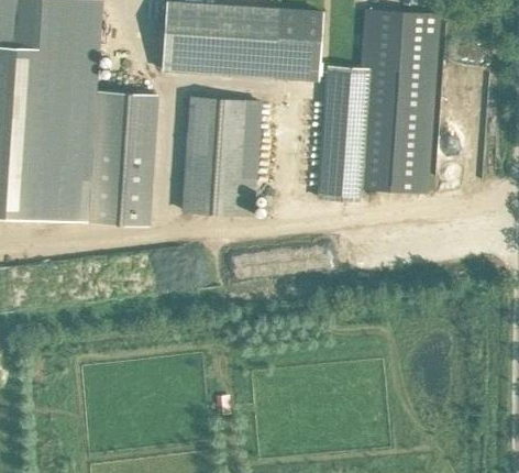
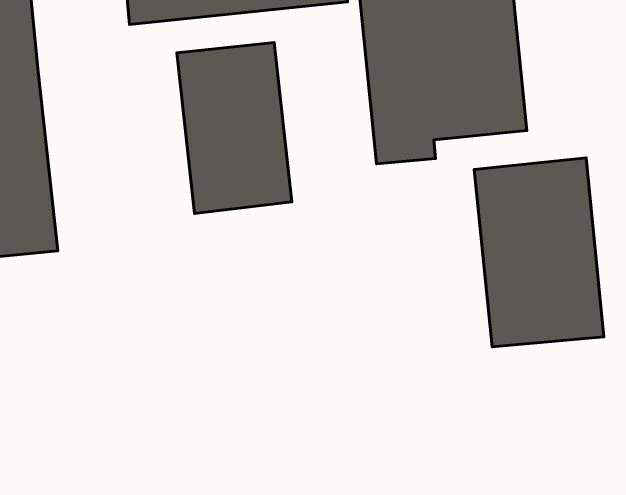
building: [87,92,156,226] -> none
building: none -> [474,158,604,347]

